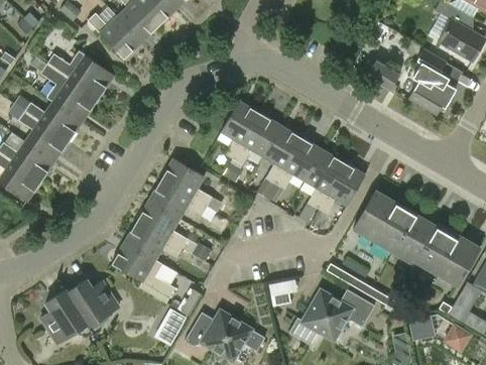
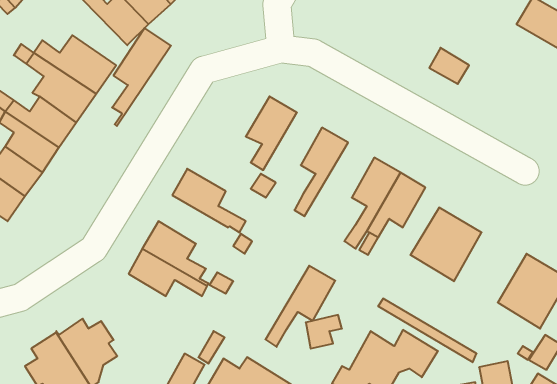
building: none -> [112,28,171,126]
building: [407,49,456,113] -> none
building: [233,113,280,164] -> none
building: [266,137,323,203] -> [265,266,335,347]
building: [148,179,205,219] -> none
building: [387,210,446,266] -> none
building: [111,243,173,301] -> none

